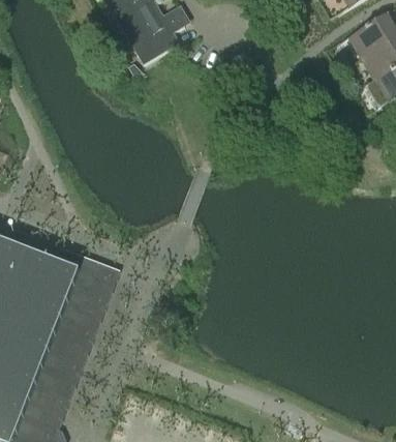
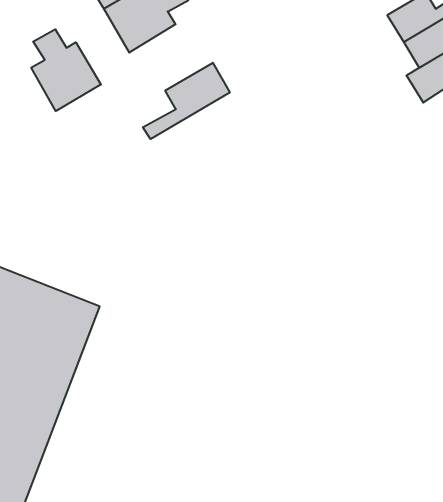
building: none -> [31,29,101,111]
building: none -> [143,63,230,139]

